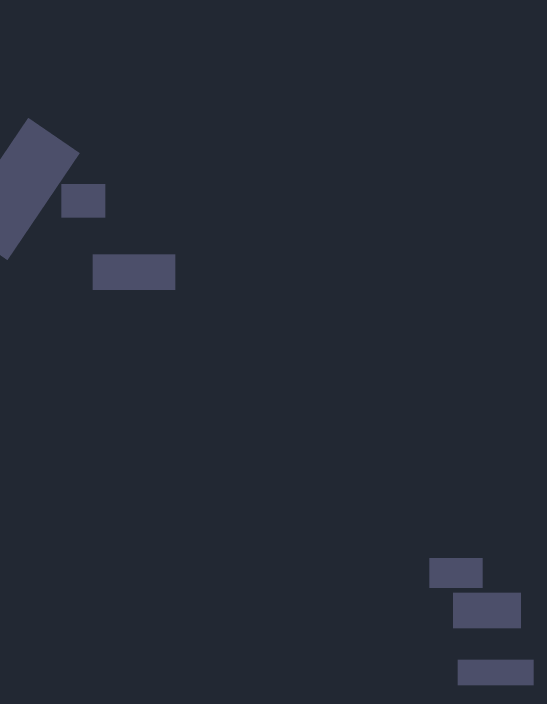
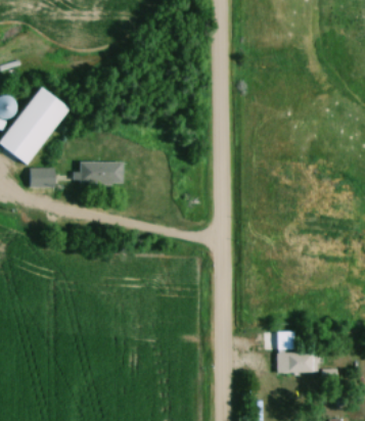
building: [61,183,106,218] -> [31,168,56,187]
building: [457,659,534,686] -> none

